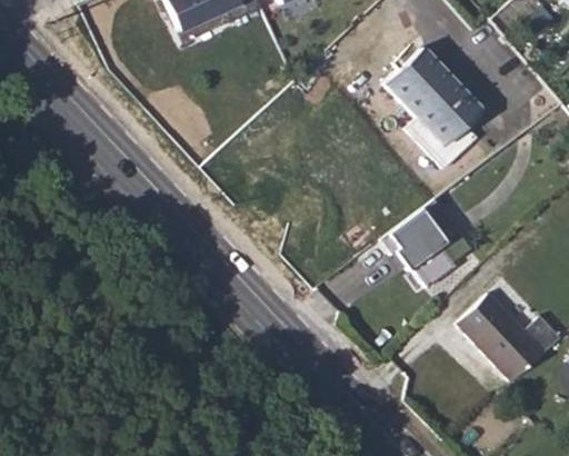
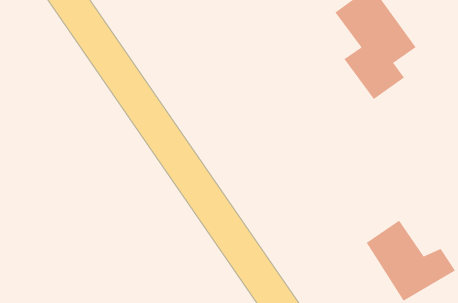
building: [379,210,447,275] -> none

